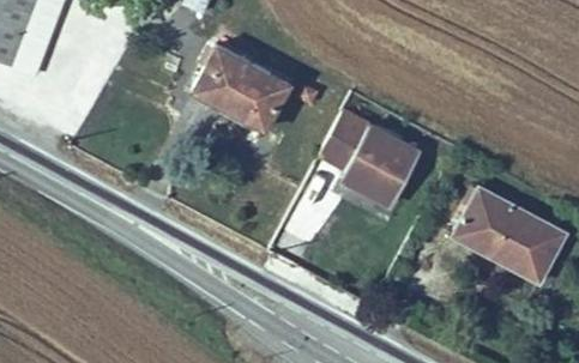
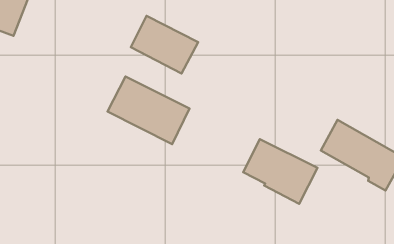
building: [316,111,418,200] -> [243,139,318,204]
building: none -> [108,77,190,144]

